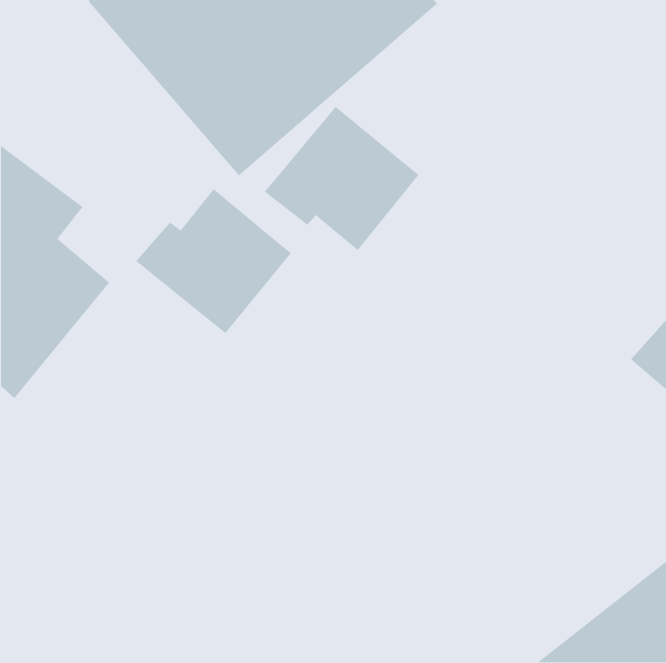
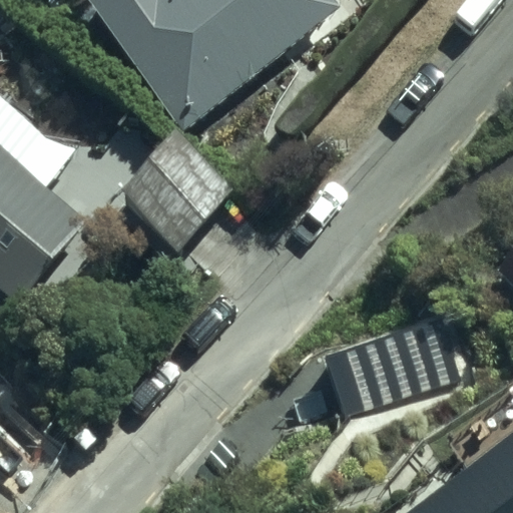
building: [264,106,420,251] -> none
building: none -> [330,309,470,409]

